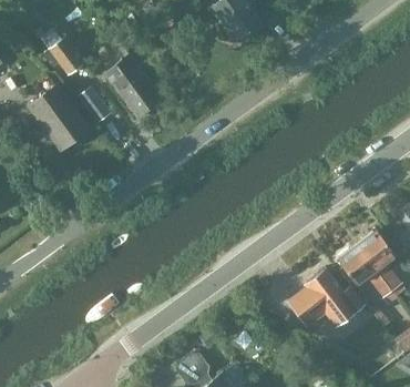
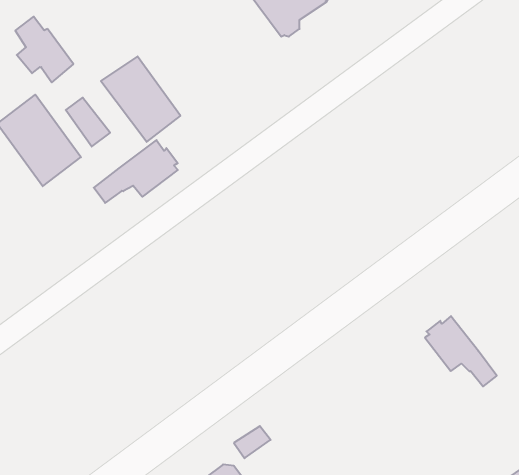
building: none -> [94,140,178,203]
building: [357,231,400,288] -> none
building: [289,268,363,326] -> none

